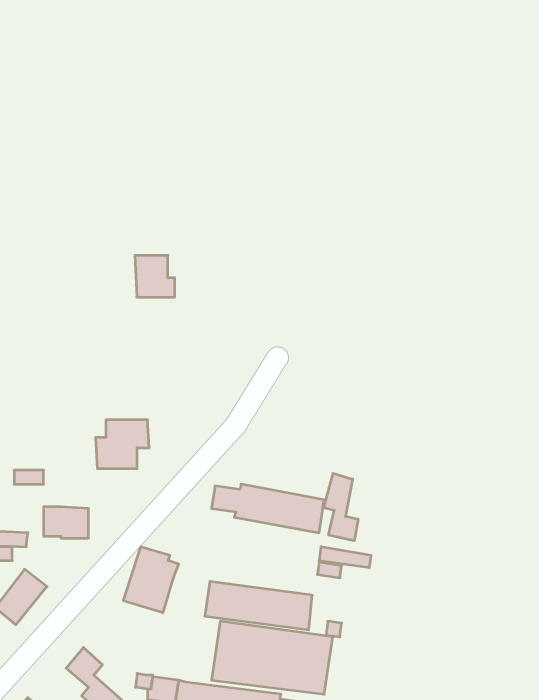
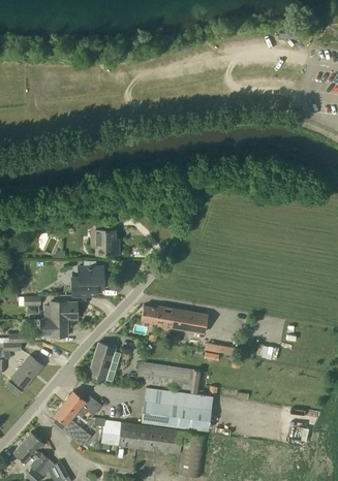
building: [135,255,175,297] -> [95,230,119,255]
building: [324,473,358,541] -> none
building: none -> [51,302,78,320]
building: none -> [64,392,101,418]

